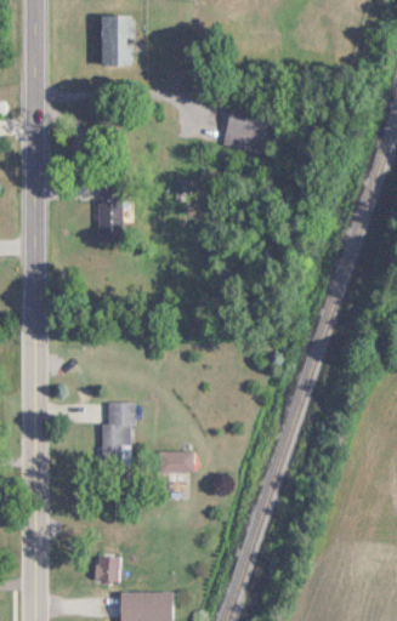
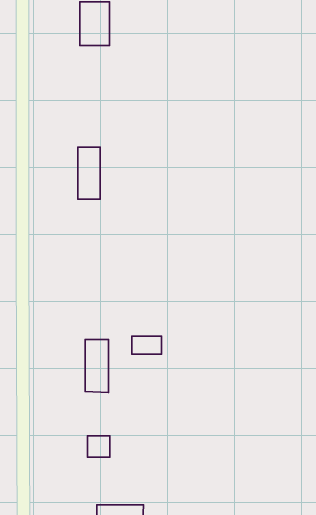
building: [222,106,272,155] -> none
building: [159,451,193,472] -> [132,336,162,354]
building: [93,557,119,581] -> [87,436,110,457]

